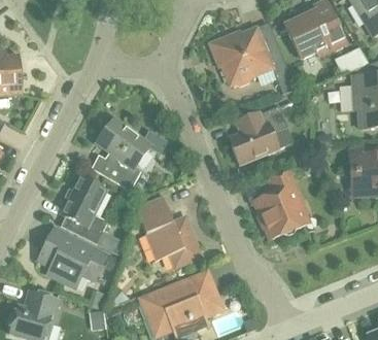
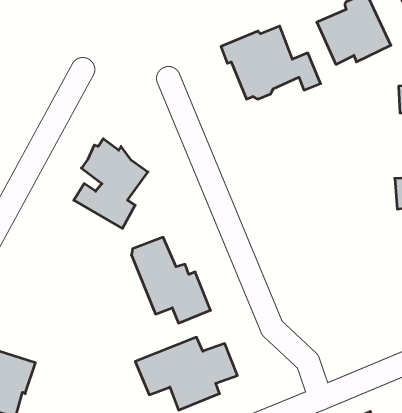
building: [229,105,288,165] -> none
building: [254,172,306,239] -> none
building: [62,176,108,244] -> none
building: [38,228,107,287] -> none

